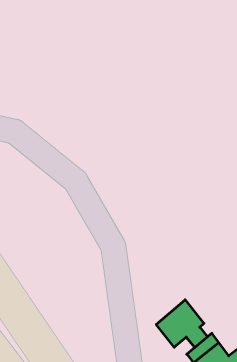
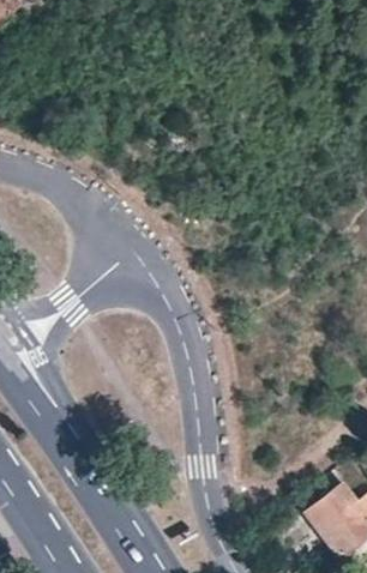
building: [156,300,208,348] -> none

